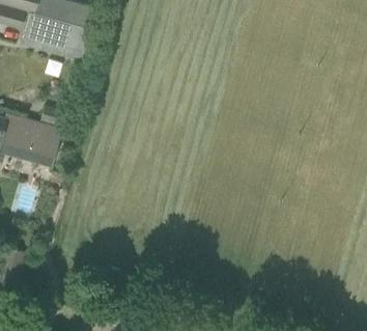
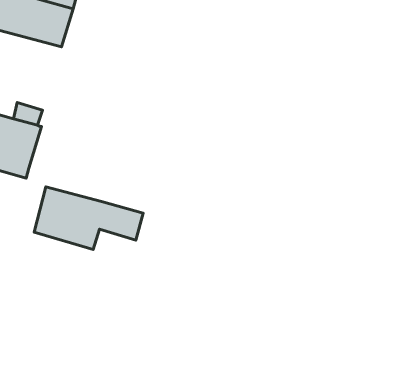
building: none -> [34,187,143,250]

